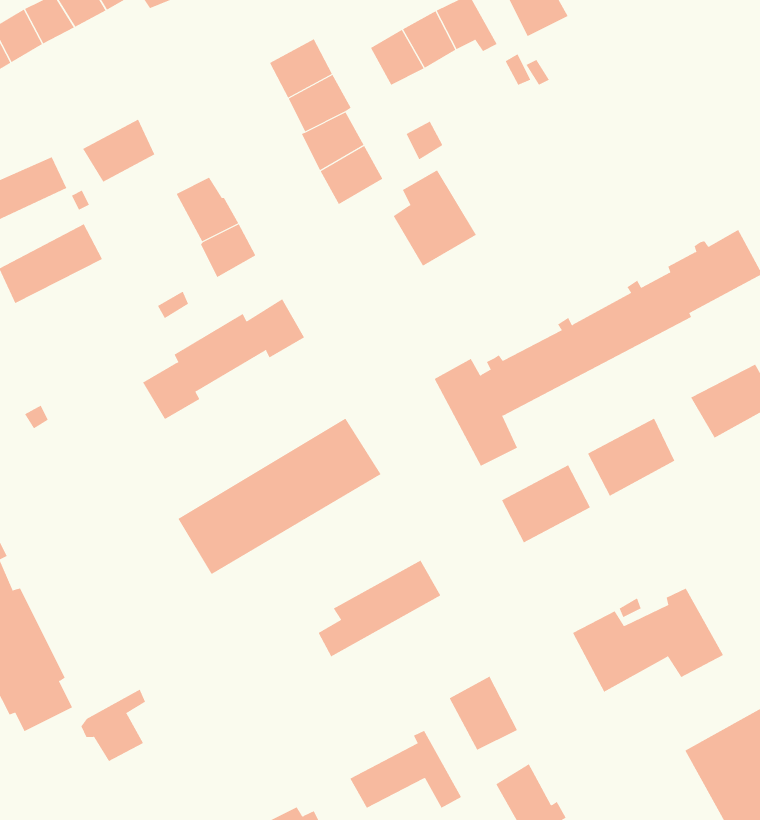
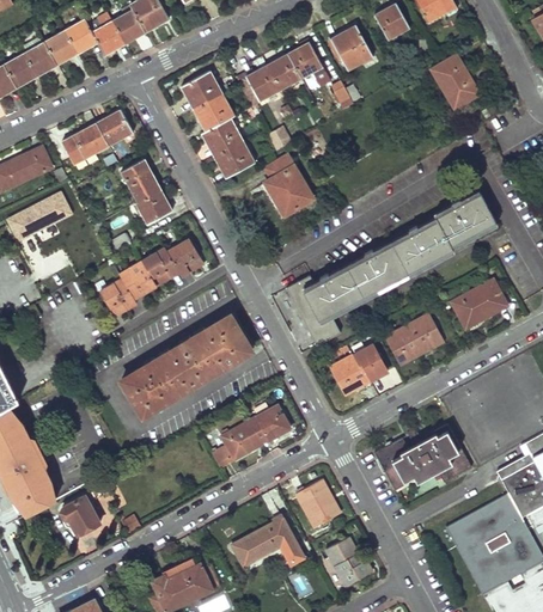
building: none -> [431,55,478,109]
building: none -> [97,110,132,146]

